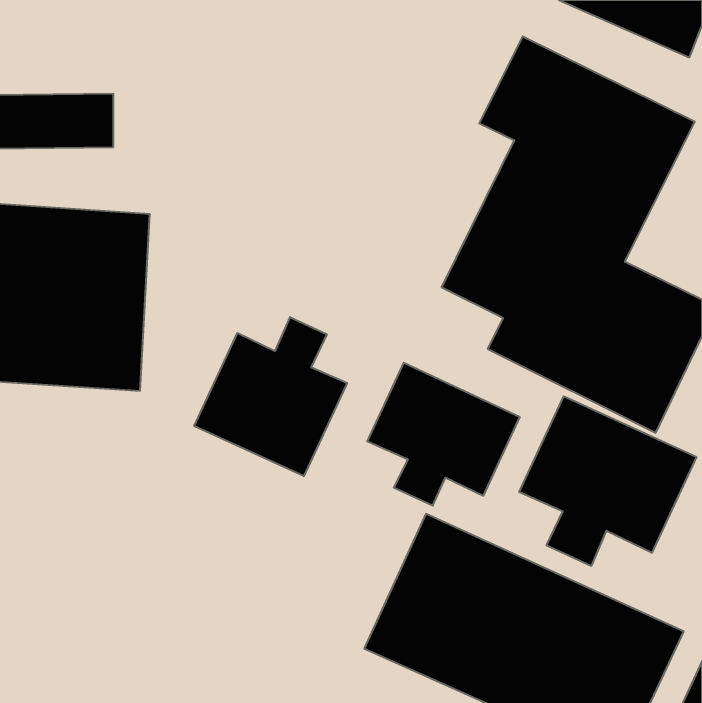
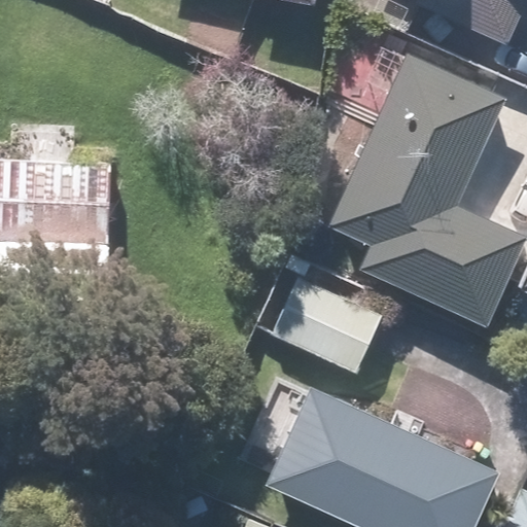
building: [194,317,347,476] -> none
building: [519,396,696,566] -> none

